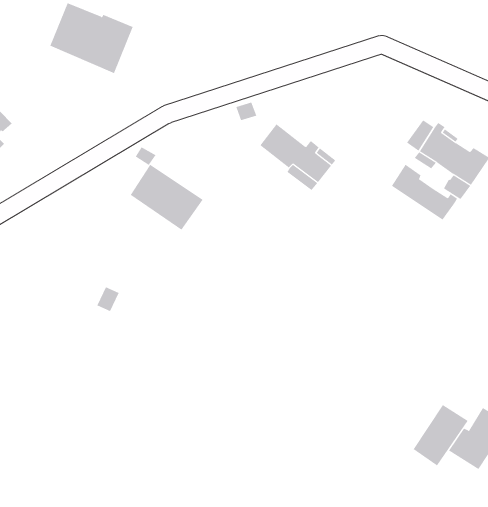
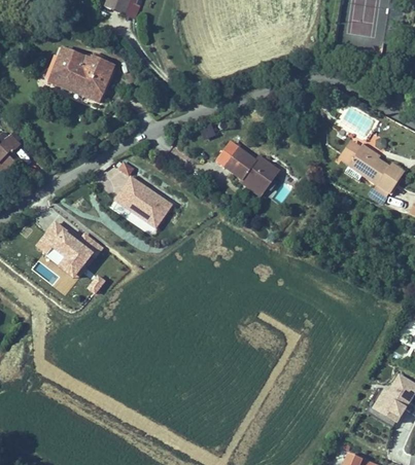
building: [391,164,458,221] -> none
building: none -> [35,222,94,280]
building: [413,404,468,466] -> none

